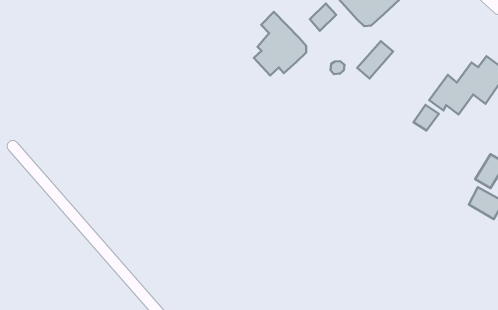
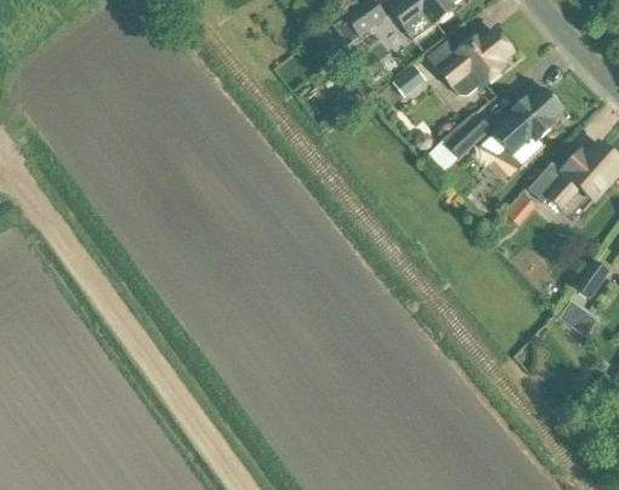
building: [254,12,306,75] -> none
building: none -> [493,89,562,166]

